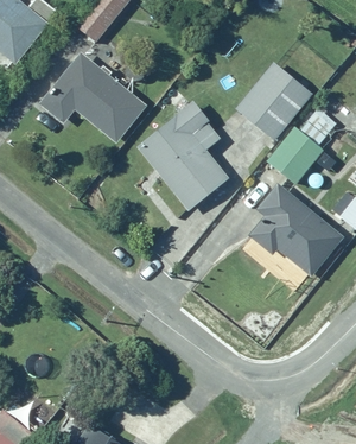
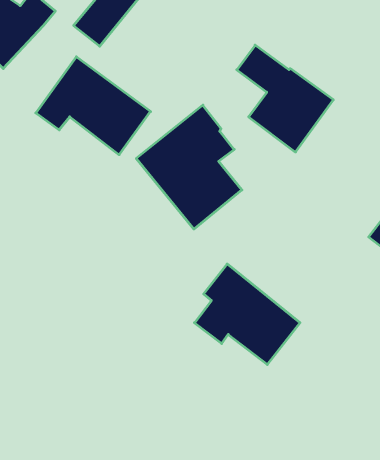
building: [272,127,323,184] -> none
building: [247,183,343,274] -> [194,264,300,365]

